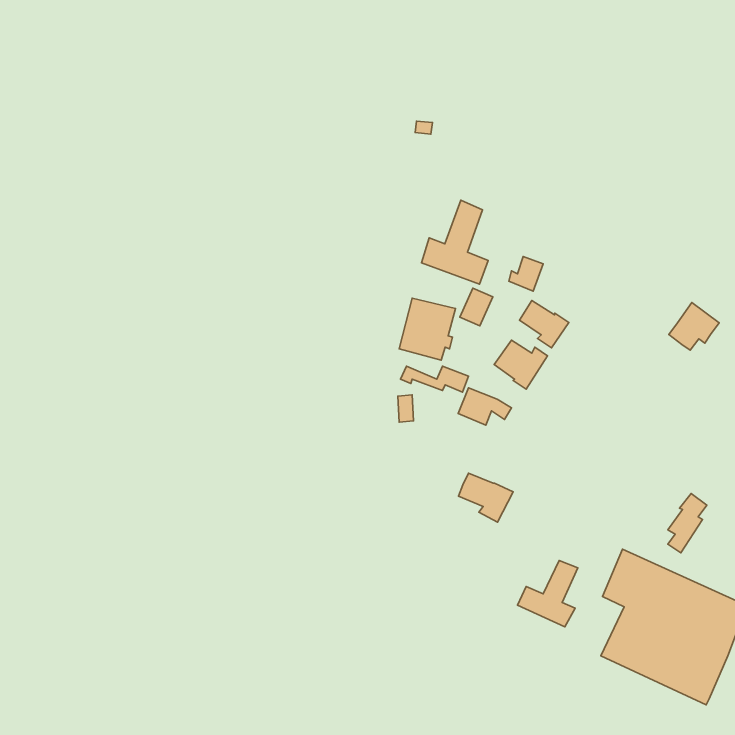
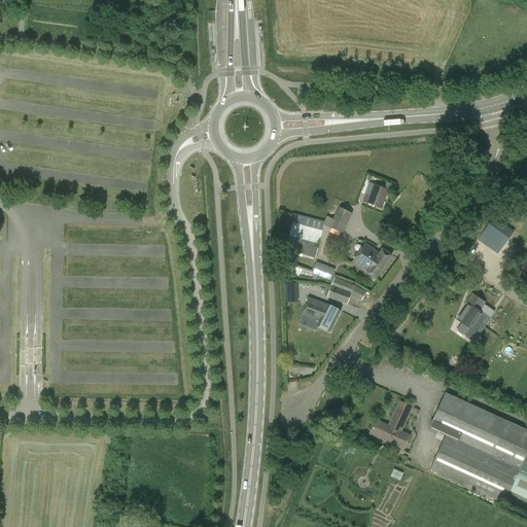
building: [422,200,488,284] -> none
building: [520,300,569,348] -> none
building: [459,473,513,522] -> [303,296,342,331]
building: [668,494,707,553] -> [458,293,486,336]

